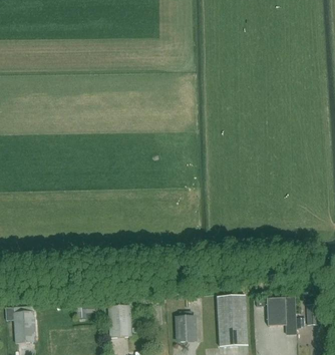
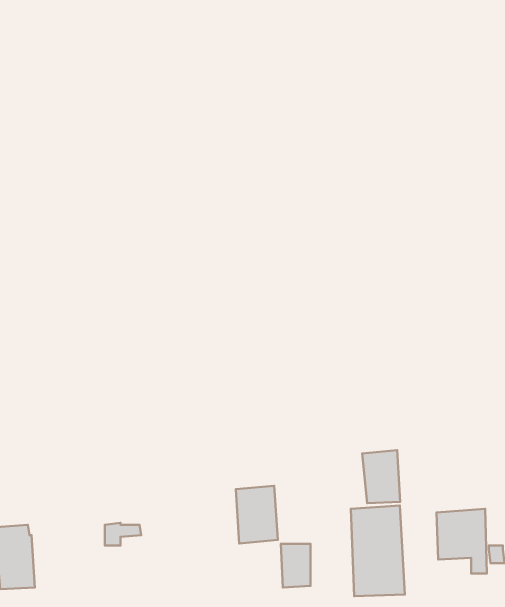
building: none -> [362,450,400,503]
building: [107,304,131,337] -> [236,486,278,543]

